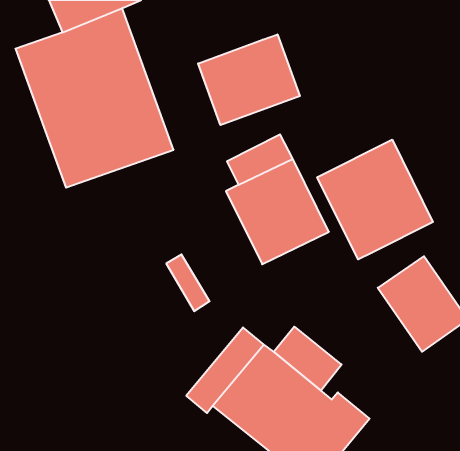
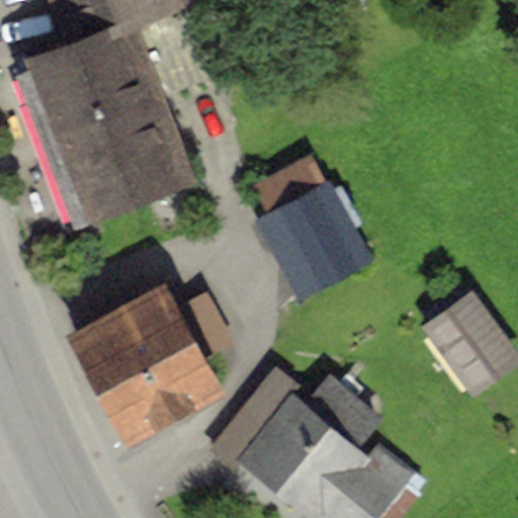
building: [198,34,300,125] -> none
building: [317,140,433,259] -> none
building: none -> [69,278,228,439]

